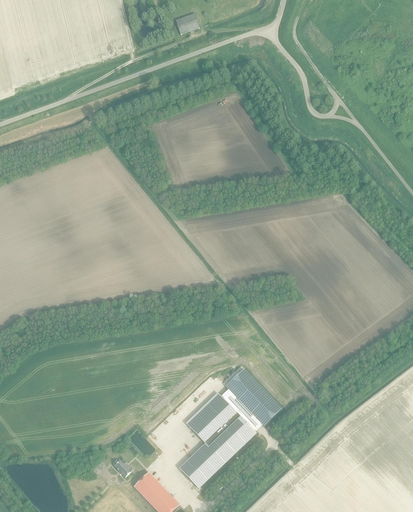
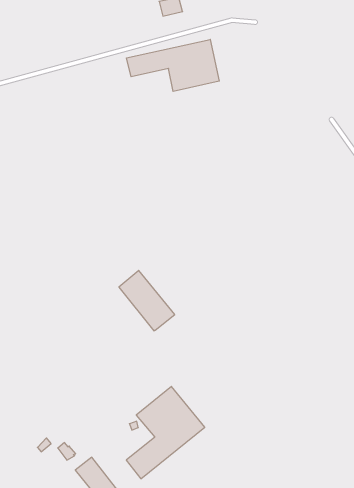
building: none -> [127,39,219,91]
building: [224,366,281,424] -> [119,270,175,331]

